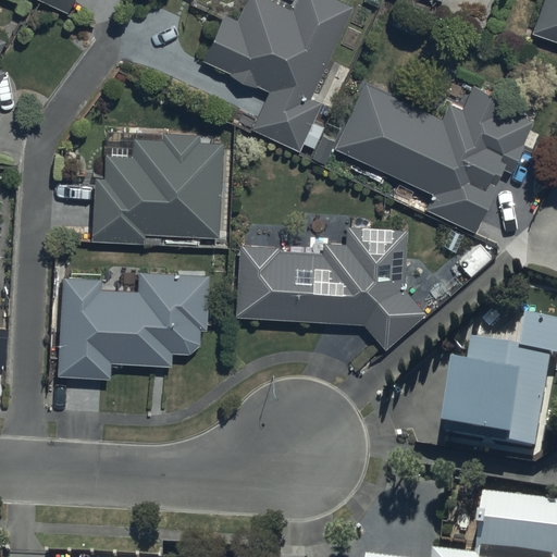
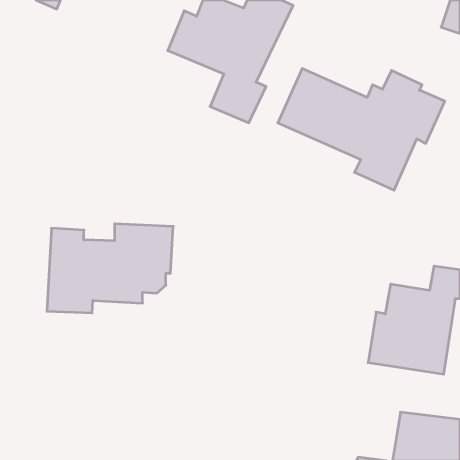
building: [92,132,219,242] -> none
building: [235,227,426,350] -> none

